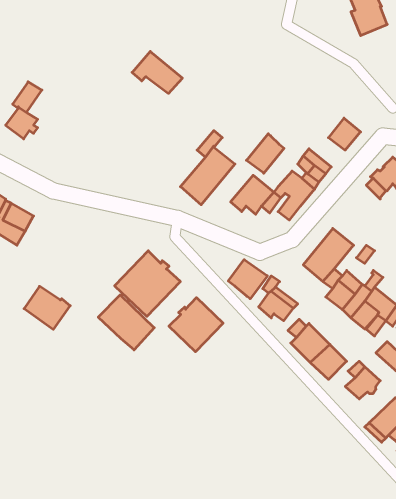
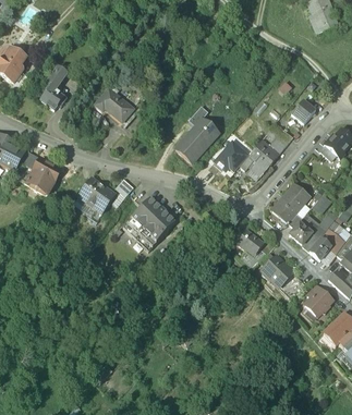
building: [132,51,182,93] -> [94,89,133,122]
building: [246,134,284,173] -> none
building: [228,260,267,299] -> none
building: [24,286,70,329] -> [78,180,114,213]
building: [98,295,154,350] -> none
building: [169,298,223,352] -> none

